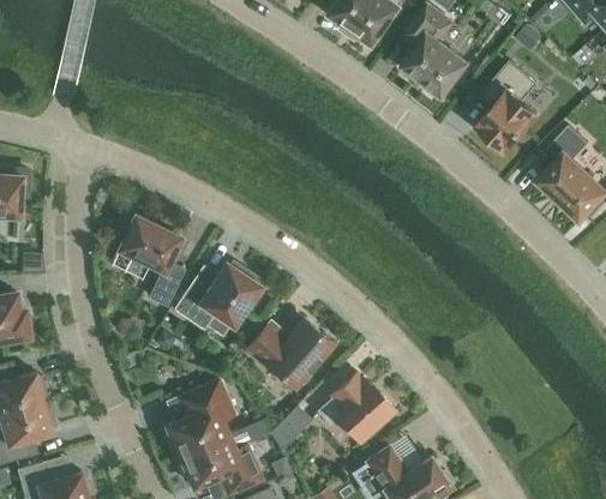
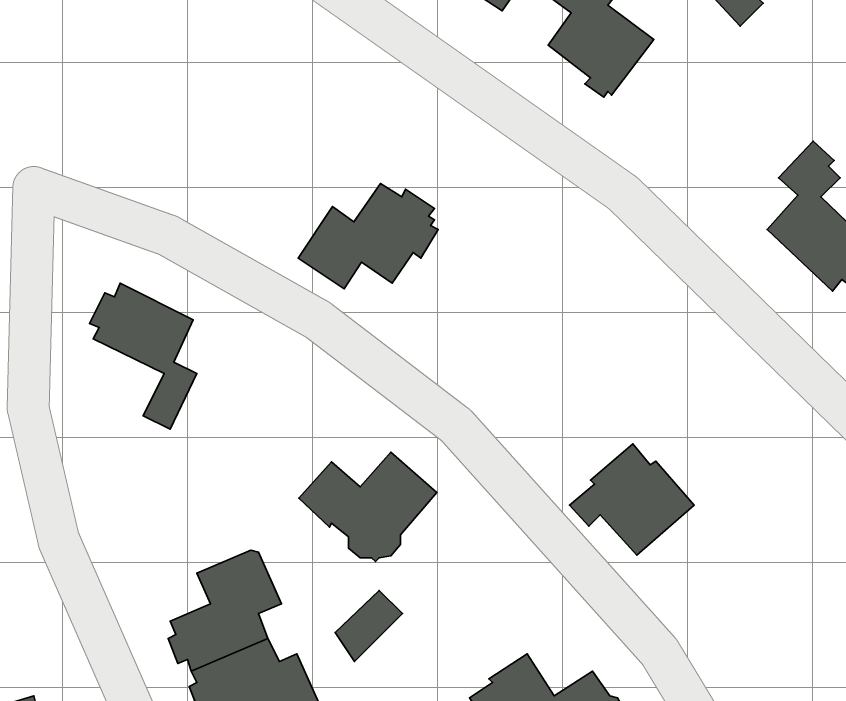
building: [476,60,536,150] -> none
building: [174,263,262,329] -> [298,183,438,289]
building: [317,372,395,441] -> [569,444,694,555]

